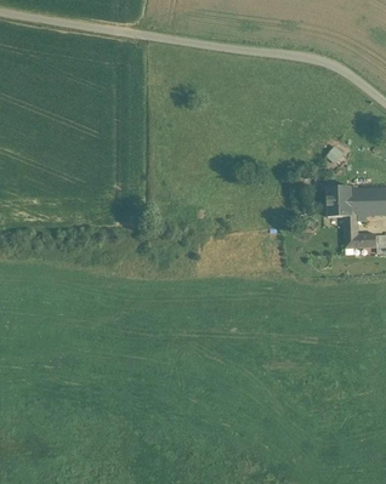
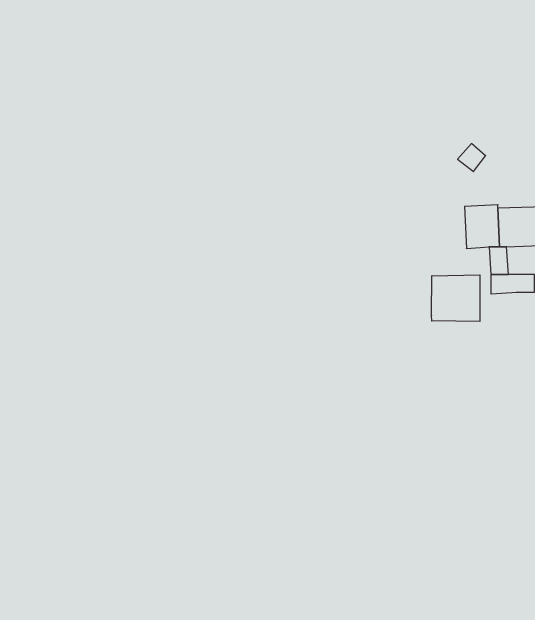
building: none -> [432,275,480,321]

